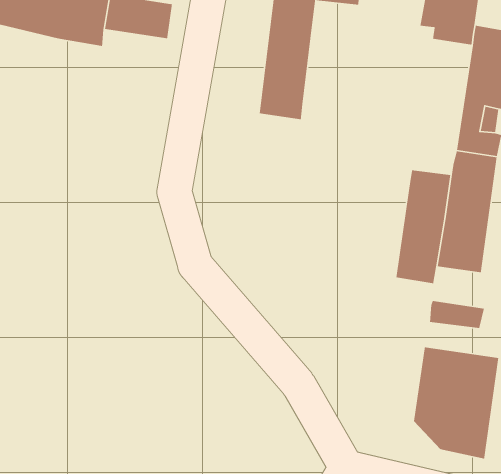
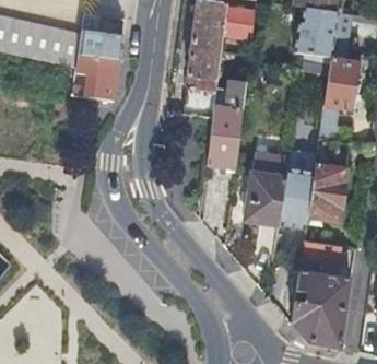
building: none -> [73,54,122,102]
building: none -> [209,91,246,166]
building: none -> [245,151,288,224]

